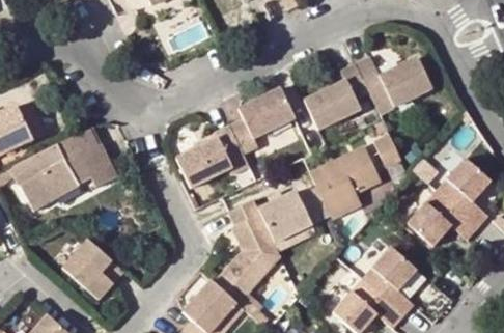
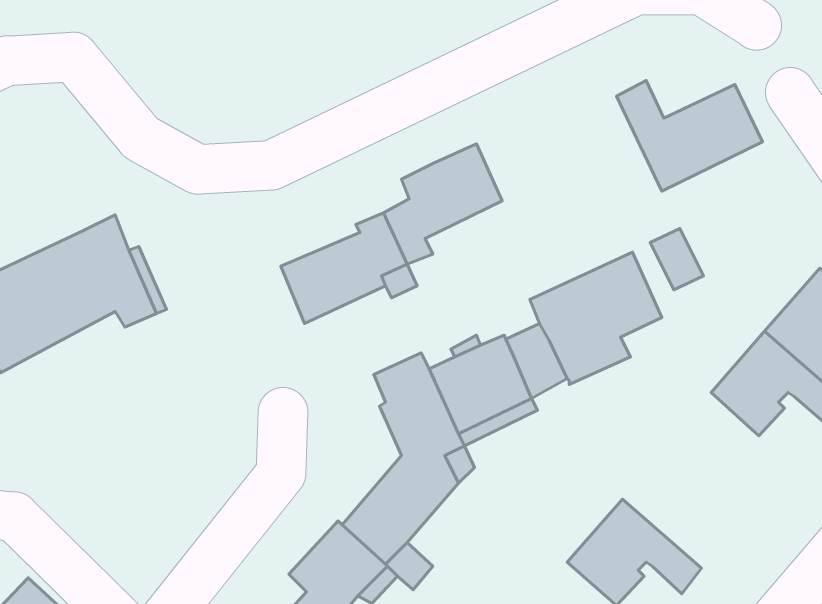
building: [305,64,371,127] -> none
building: [362,243,417,312] -> none
building: [63,247,125,303] -> none

